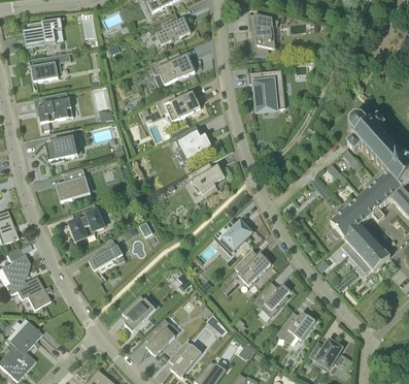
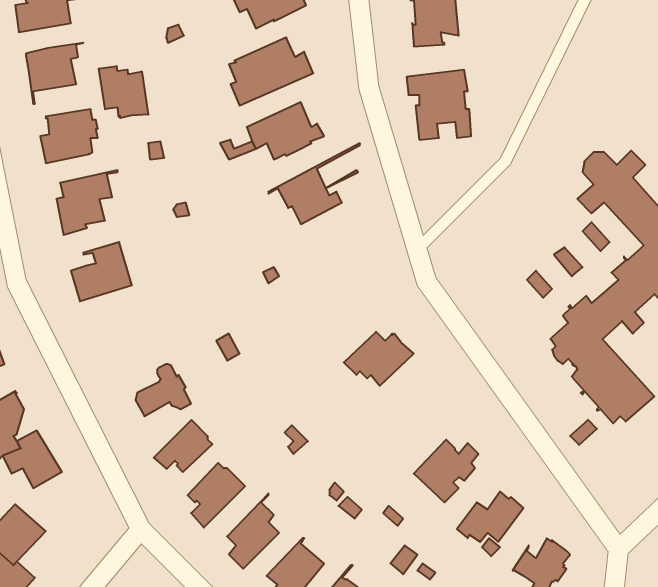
building: none -> [99,66,148,118]
building: [188,150,232,192] -> none
building: [71,203,106,241] -> none
building: [235,249,271,284] -> none
building: none -> [154,420,212,472]

